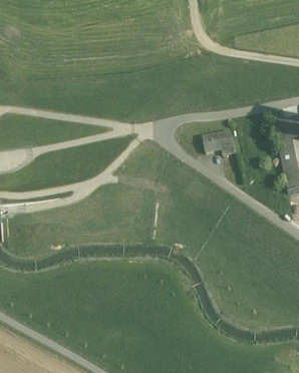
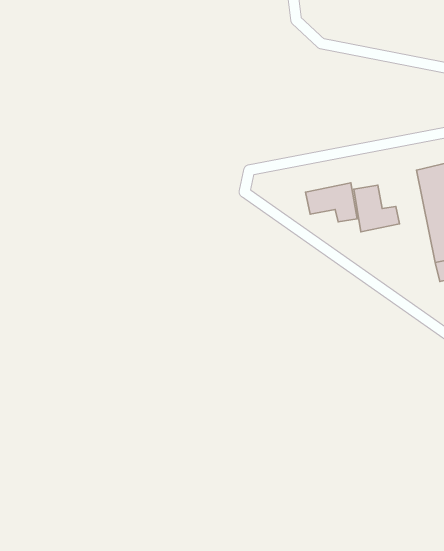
building: none -> [354,185,400,232]

